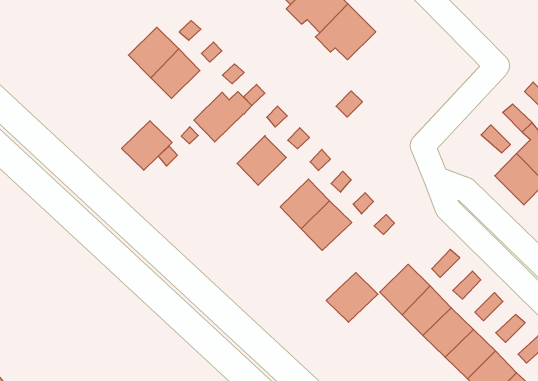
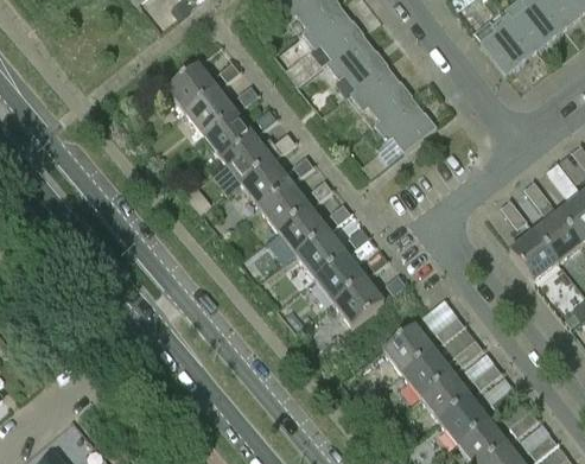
building: none -> [374,94,434,150]
building: none -> [240,158,290,205]
building: [122,121,172,170] -> [203,110,253,158]
building: none -> [276,205,326,253]
building: [326,273,378,322] -> [331,277,382,324]

